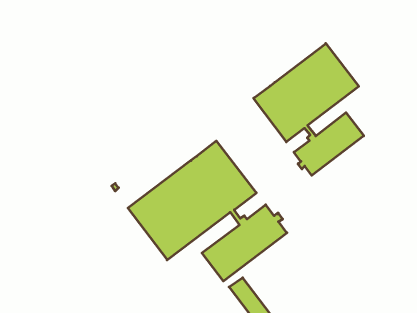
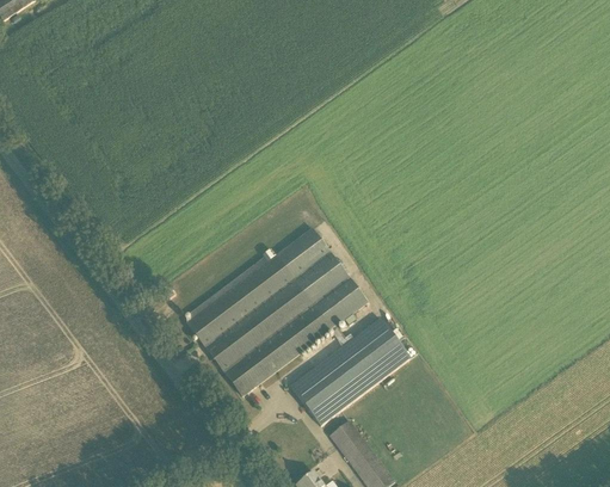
building: [254,43,364,175] -> none

